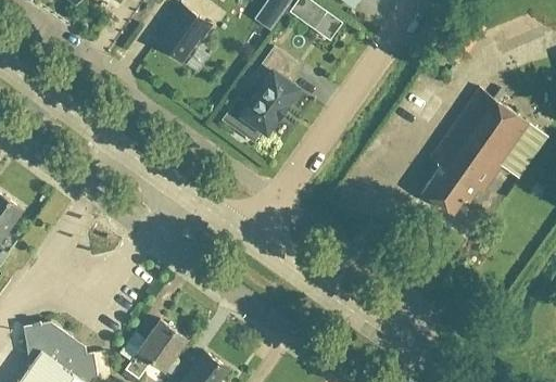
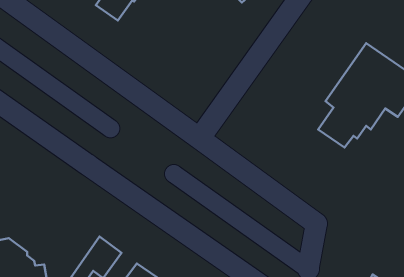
building: [224,49,298,144] -> none

